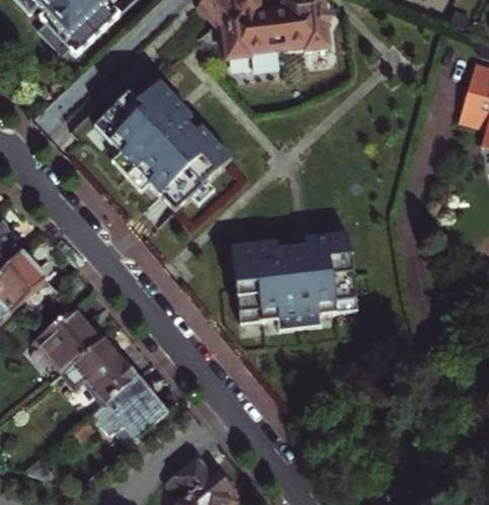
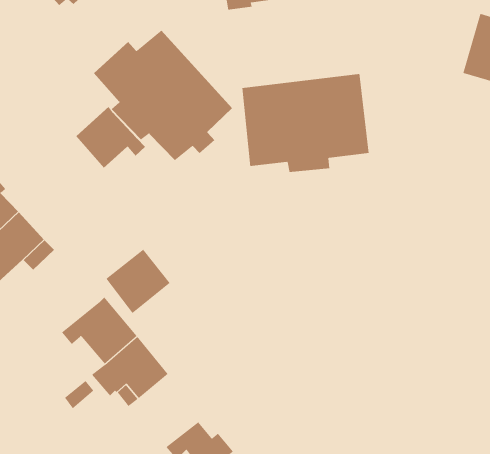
building: none -> [76,106,146,168]
building: [232,228,357,325] -> [241,73,370,173]
building: [36,310,100,373] -> [105,249,171,314]

